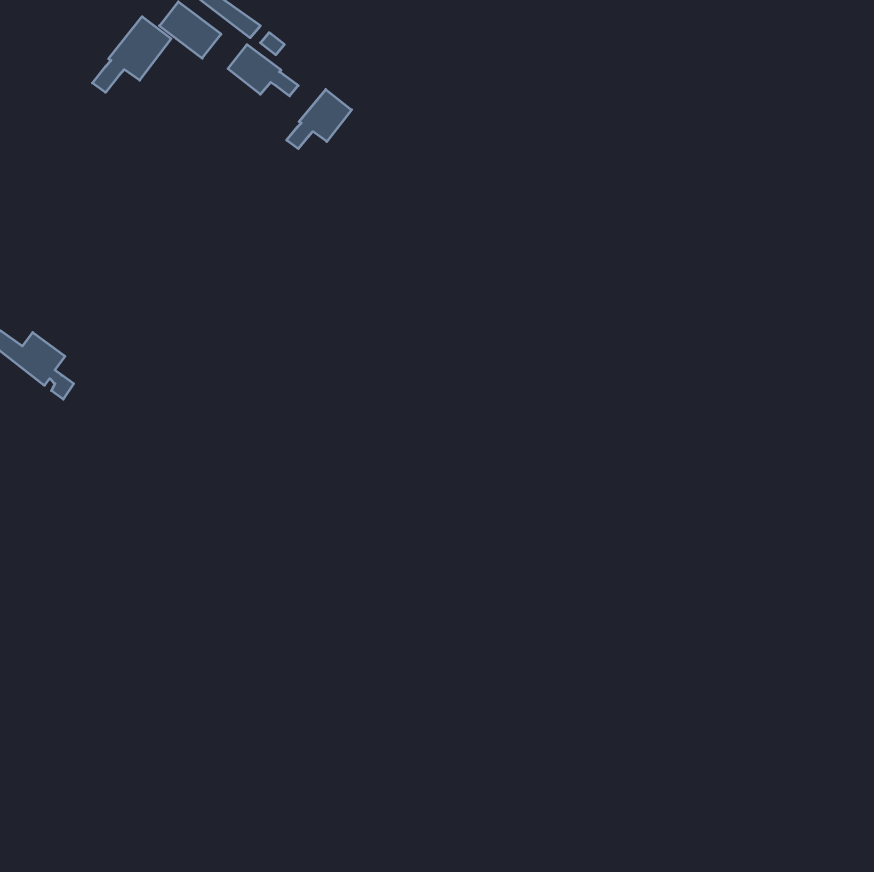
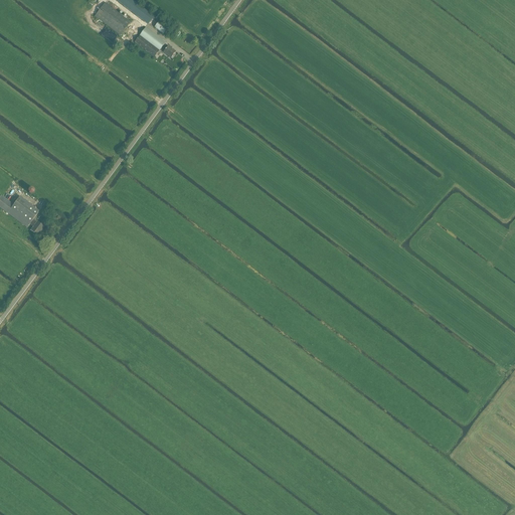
building: [92,17,171,92] -> none
building: [287,89,352,149] -> none

